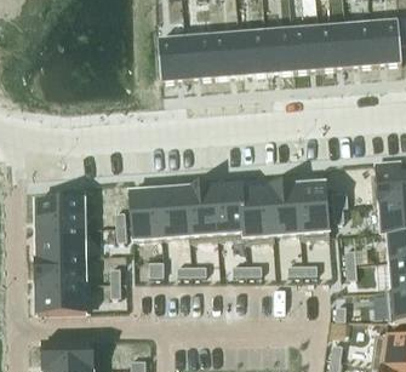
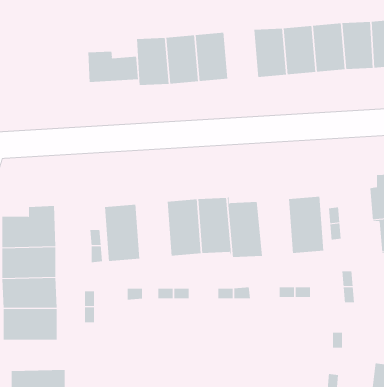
building: [238,30,268,75] -> none
building: none -> [88,51,139,83]
building: [268,184,299,236] -> none
building: [158,187,189,239] -> none

